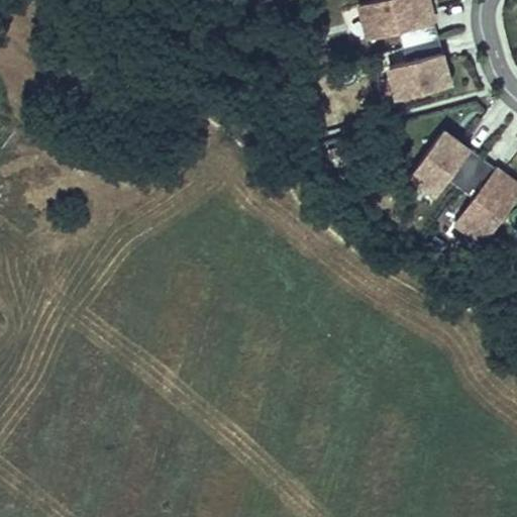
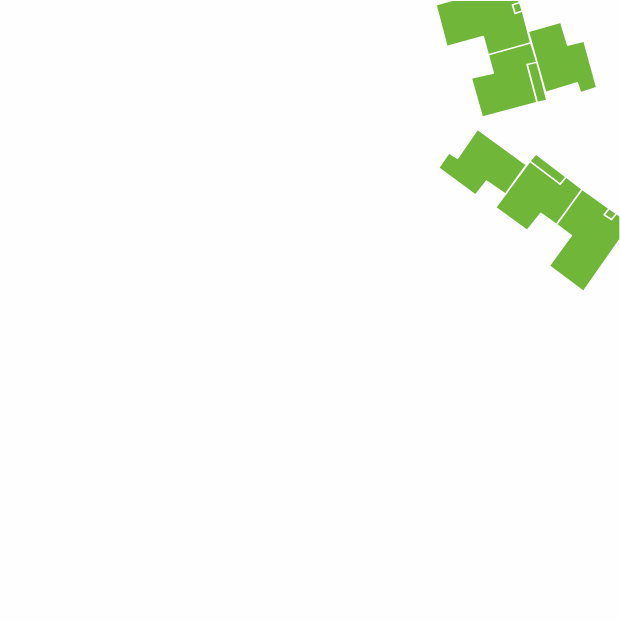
building: none -> [528,22,597,93]
building: none -> [439,129,527,195]

